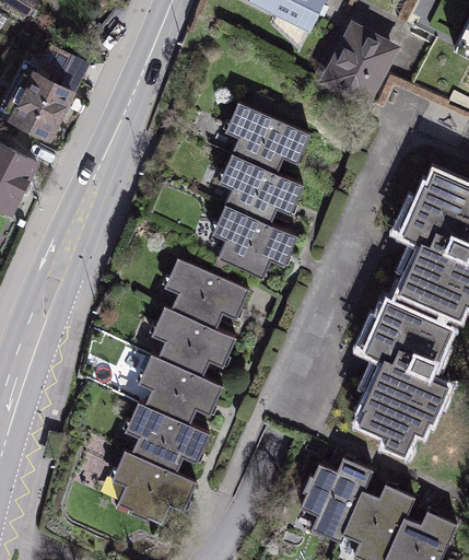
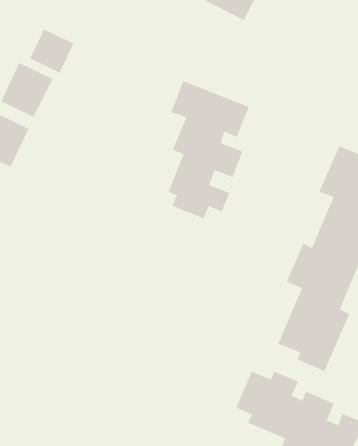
building: [317,19,400,108] -> none
building: [98,264,248,529] -> none

